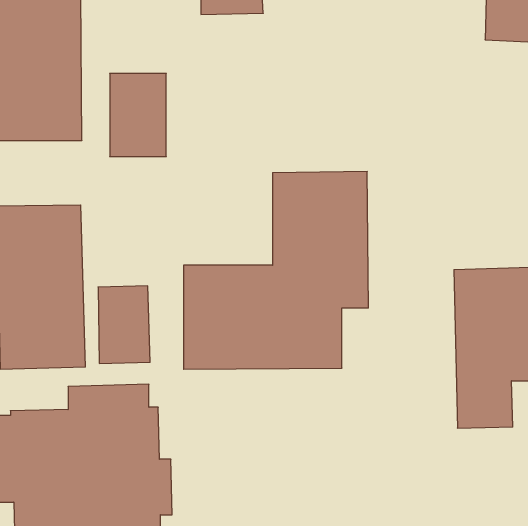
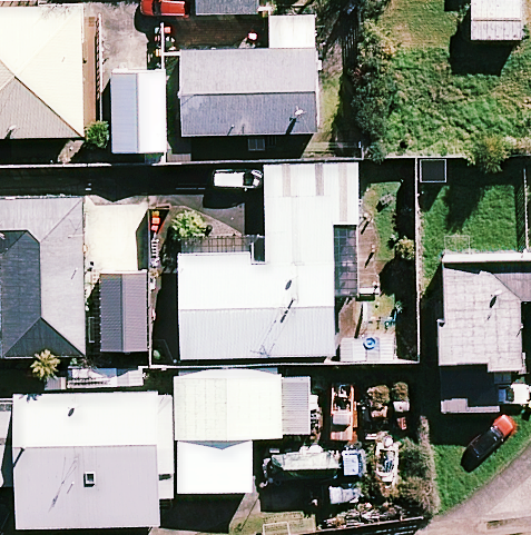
building: none -> [184,17,315,135]
building: none -> [175,366,308,494]

